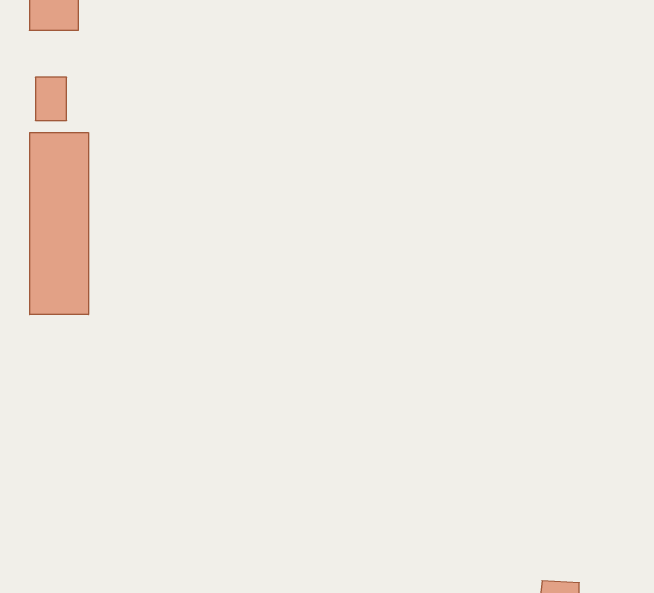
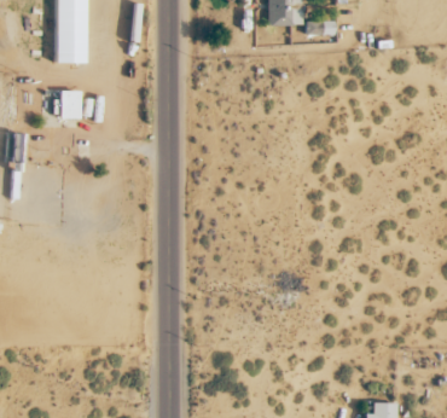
building: [30,133,88,315] -> none

